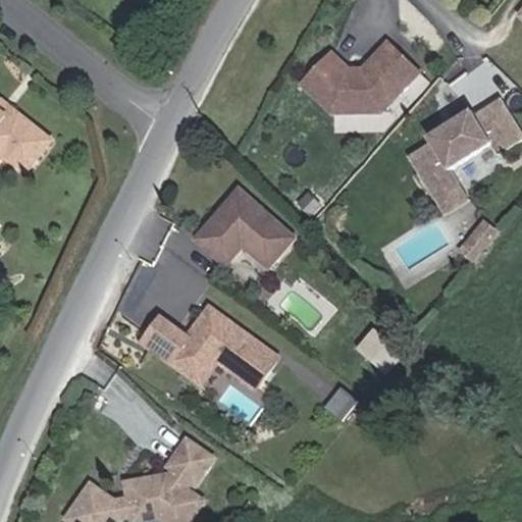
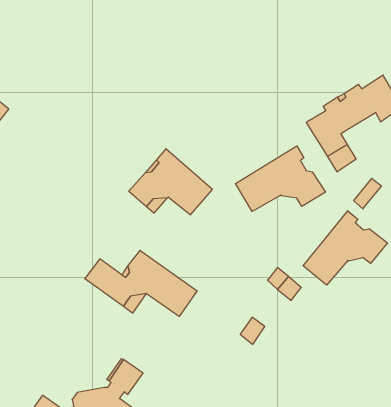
building: [301,42,416,111] -> none
building: none -> [235,146,325,211]
building: none -> [303,211,387,285]

